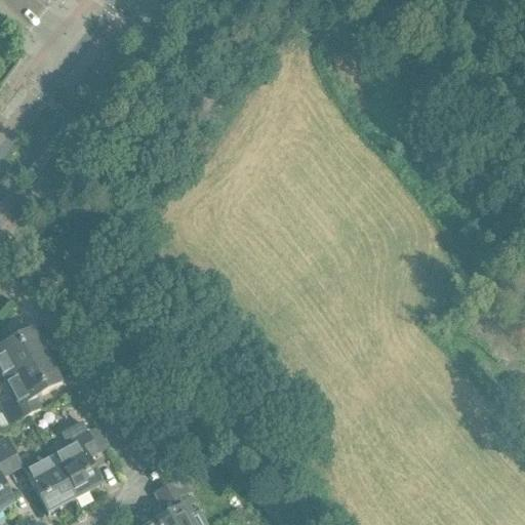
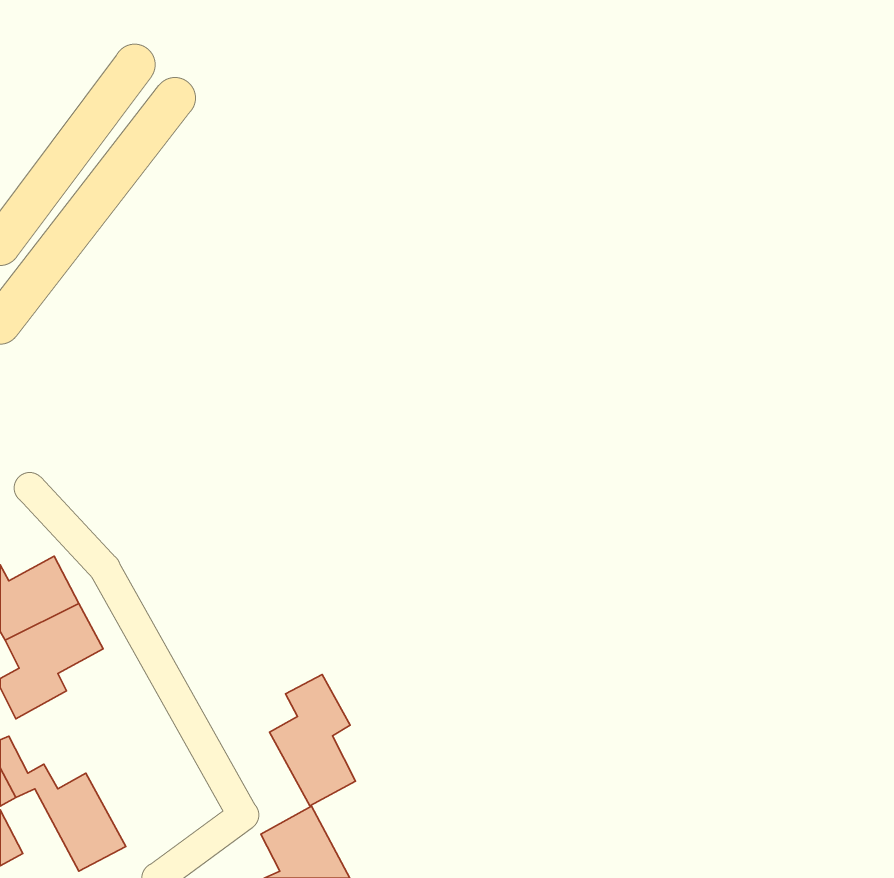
building: [50,419,100,496] -> [270,675,355,806]

